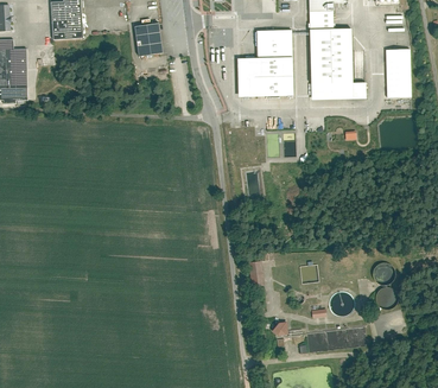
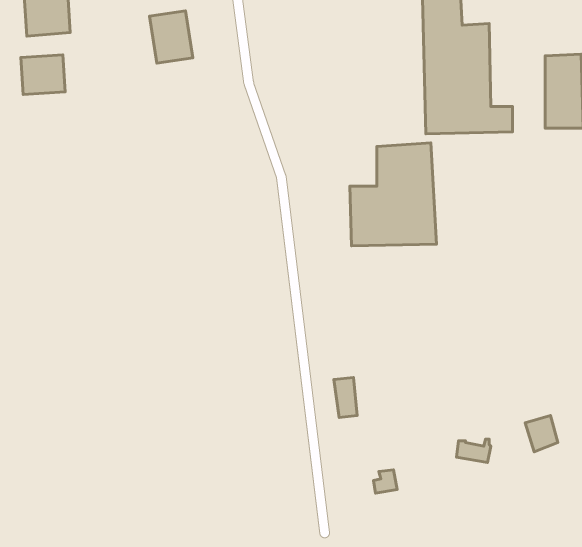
building: [239,28,296,96] -> [350,143,436,246]
building: none -> [21,55,65,95]

